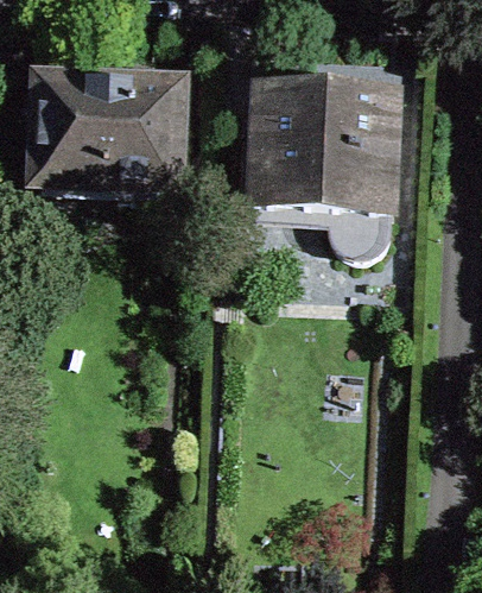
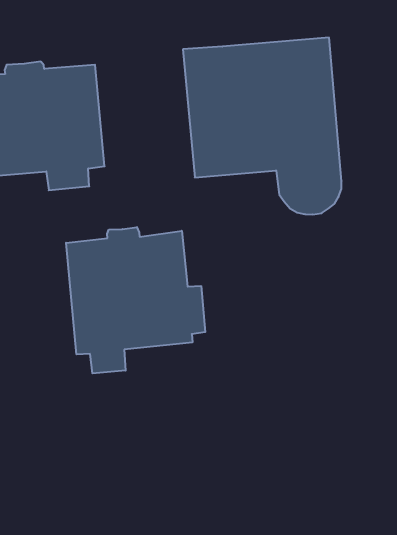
building: none -> [66,227,205,373]

